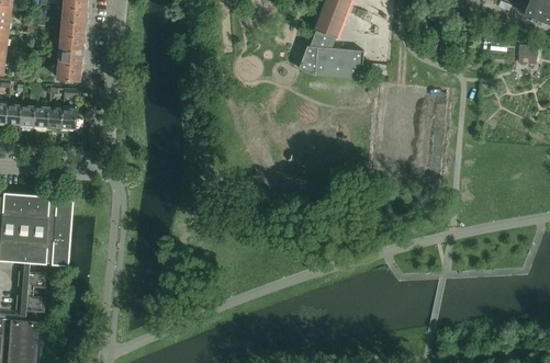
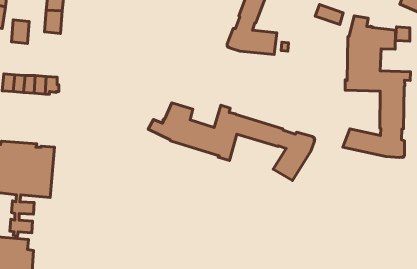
building: none -> [315,5,343,24]
building: none -> [343,16,411,158]
building: [58,49,81,80] -> [11,20,29,43]
building: none -> [148,103,315,181]

